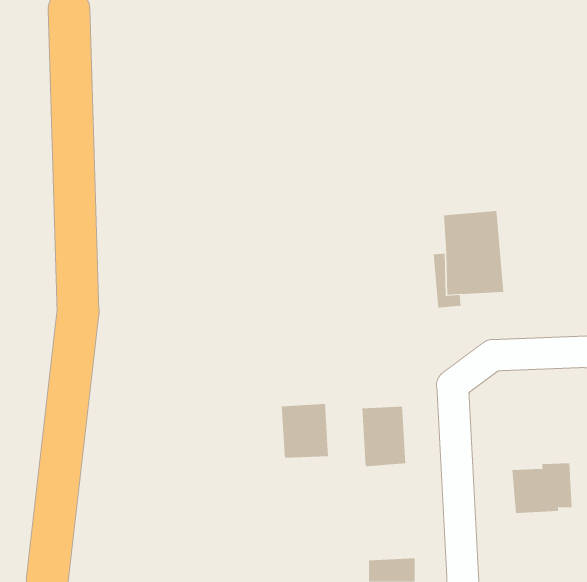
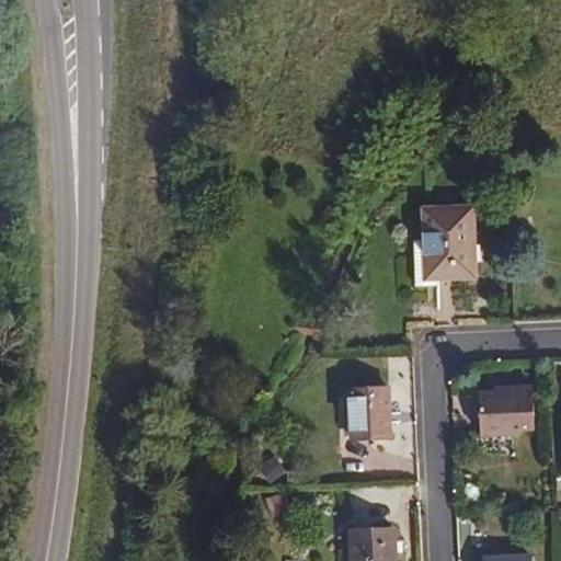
building: [281,403,329,458] -> none
building: [512,463,573,513] -> [479,386,537,434]

